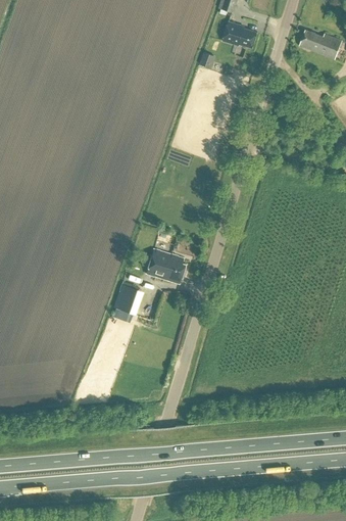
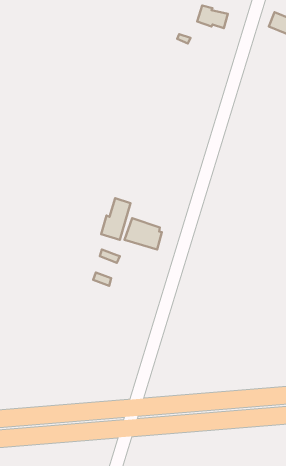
building: none -> [101,198,131,240]

